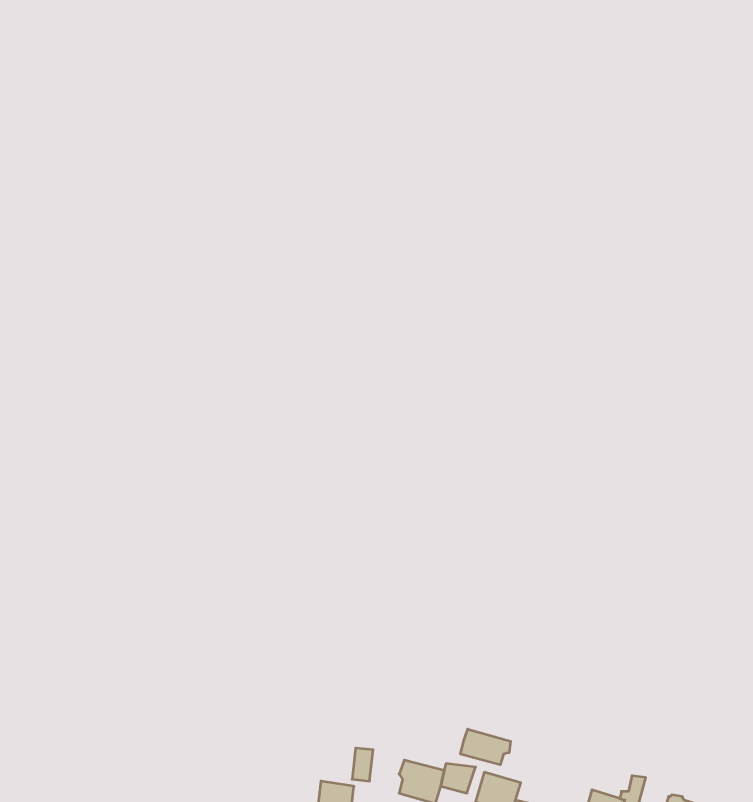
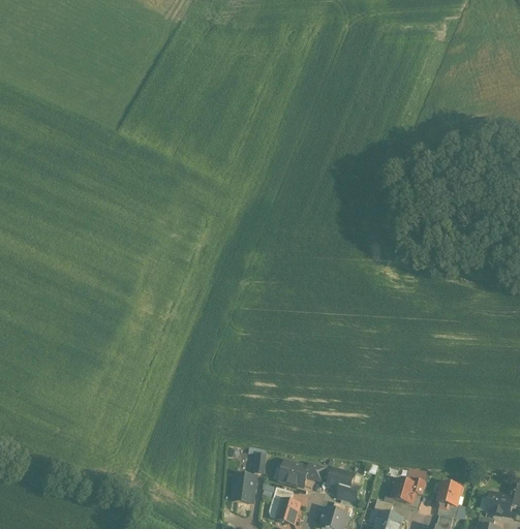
building: [461,729,511,765] -> none

